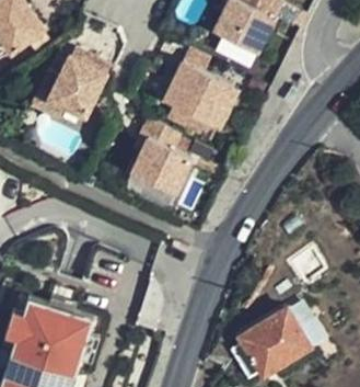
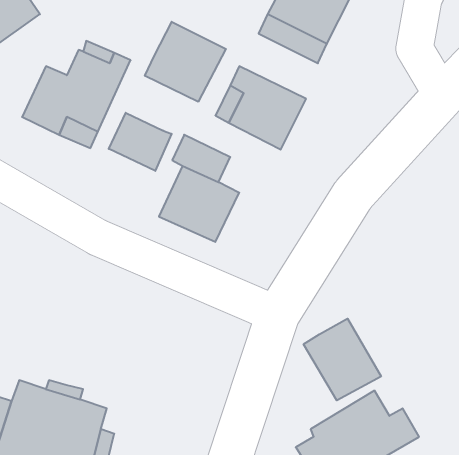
building: none -> [145,22,226,102]
building: none -> [109,113,172,171]
building: none -> [304,319,381,400]

